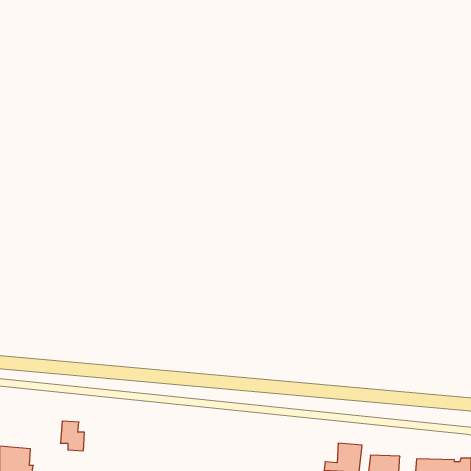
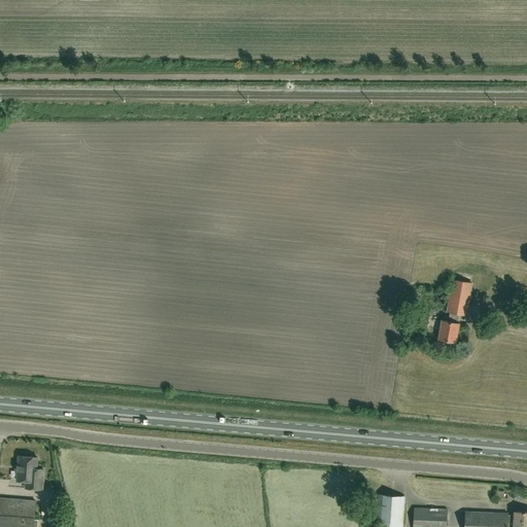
building: none -> [437,280,470,343]
building: [60,421,84,451] -> [15,457,42,490]

